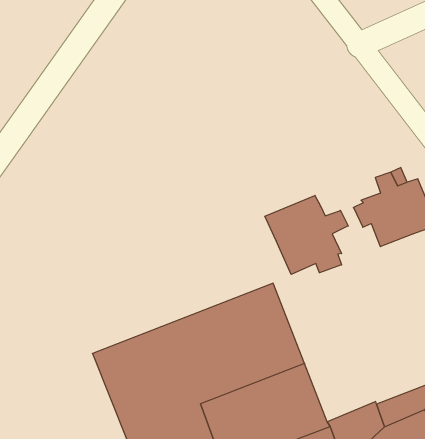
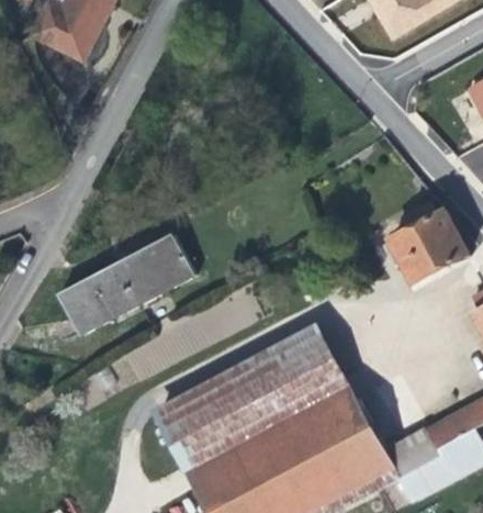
building: none -> [58,236,193,332]
building: [265,195,348,274] -> none

